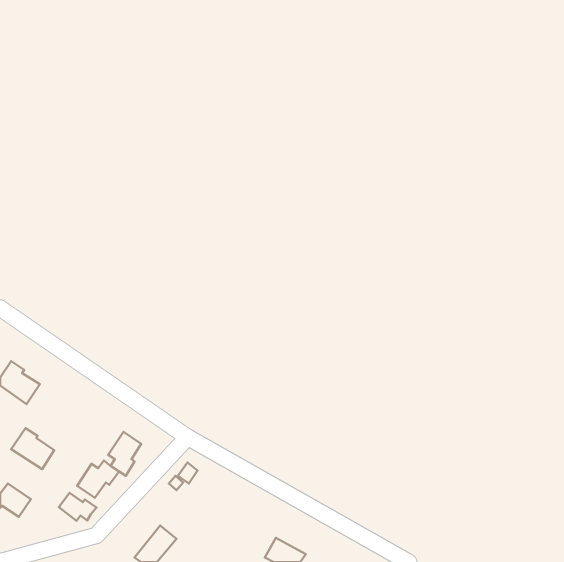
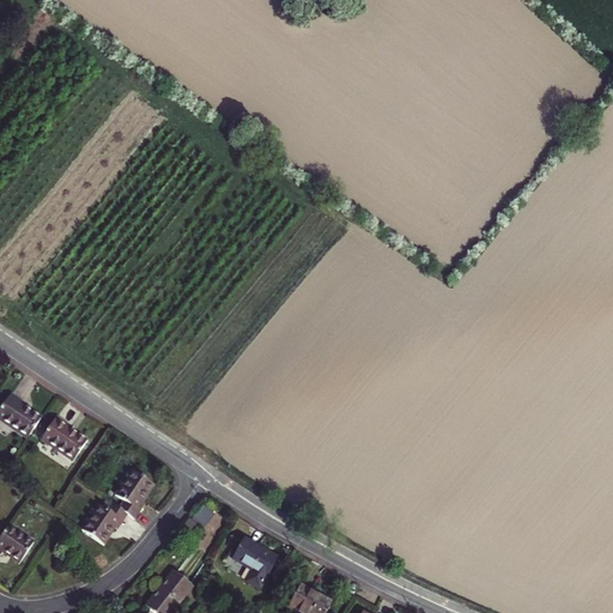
building: [11,428,54,469] -> [41,414,87,459]
building: [59,493,96,521] -> none
building: none -> [232,538,277,587]

